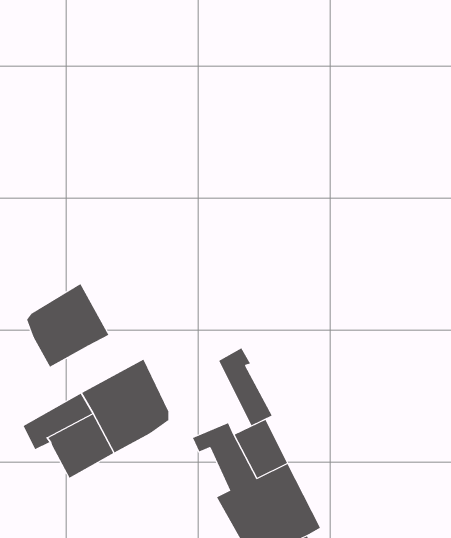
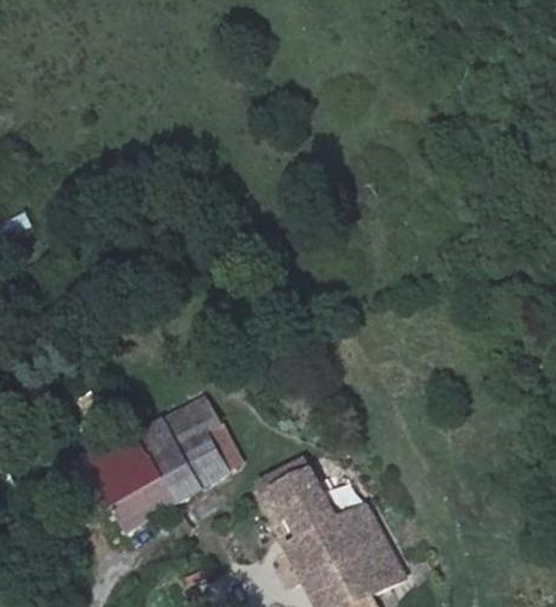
building: [27,283,109,368] -> none
building: [218,347,273,426] -> none

